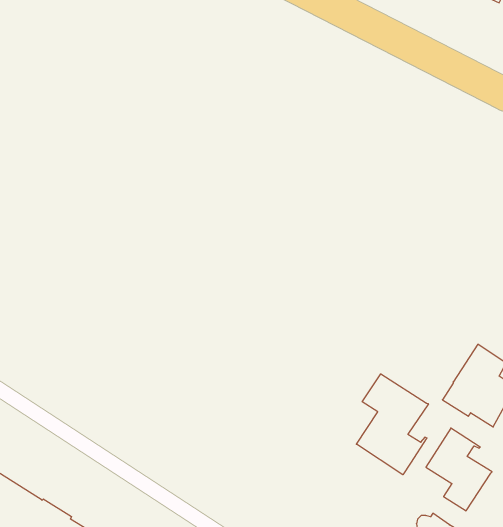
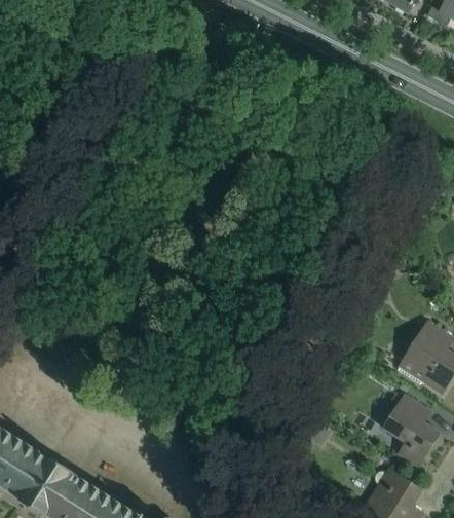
building: [356,374,428,475] -> none

